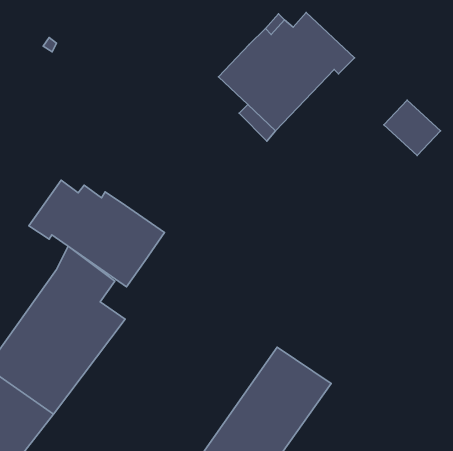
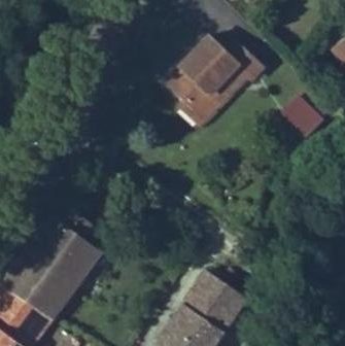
building: [29,180,165,287] -> none

